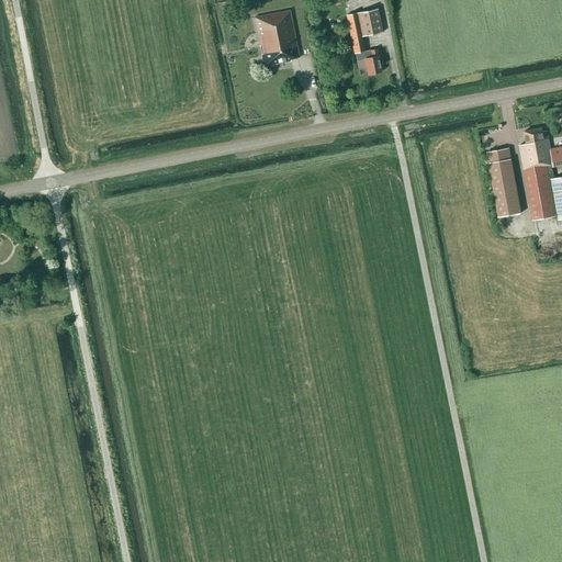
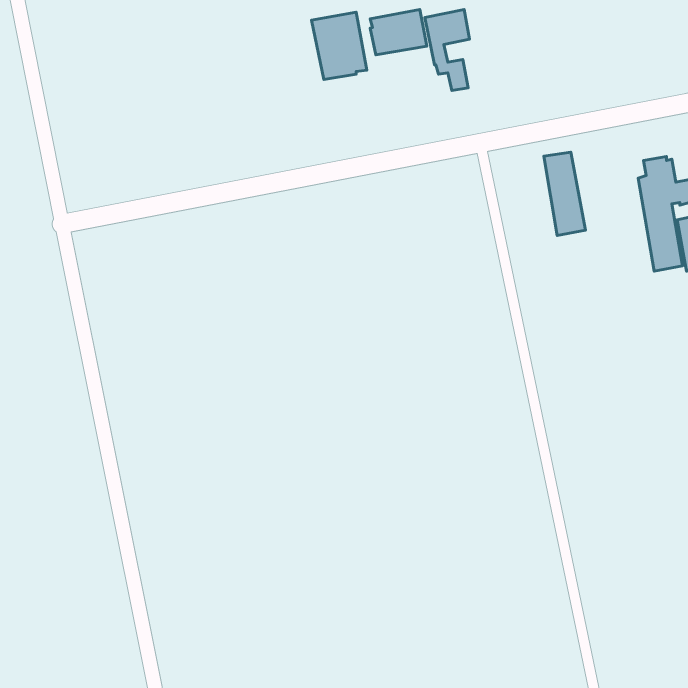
building: none -> [370,10,427,55]
building: [487,147,521,215] -> [544,152,586,236]

